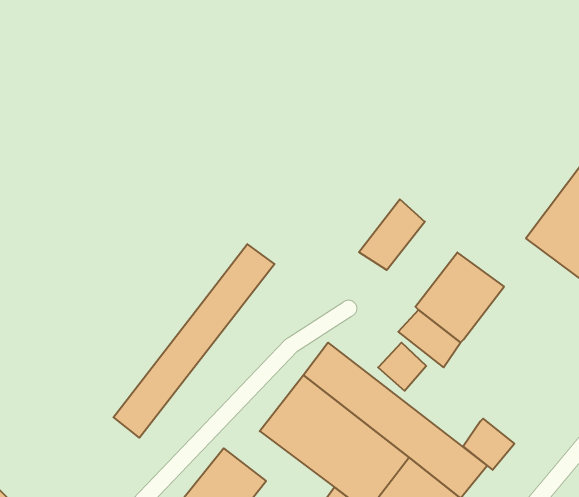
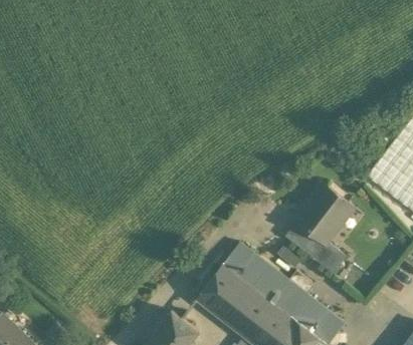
building: [359,199,425,270] -> none
building: [113,244,275,438] -> none
building: [463,419,514,470] -> [315,242,348,275]

